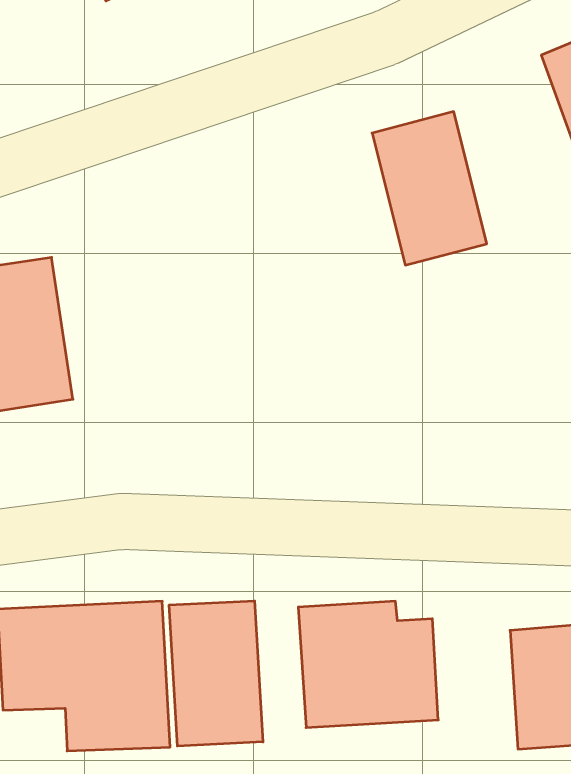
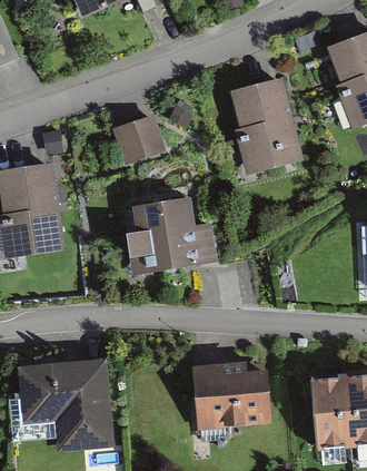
building: none -> [115,115,166,161]
building: none -> [122,197,217,276]
building: [169,601,263,746] -> none

